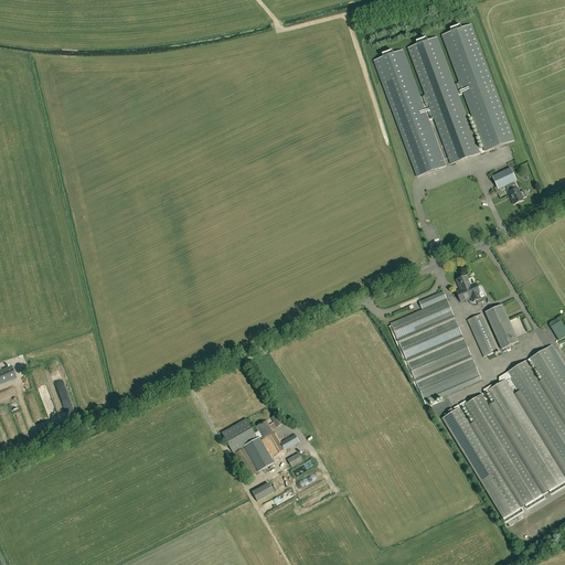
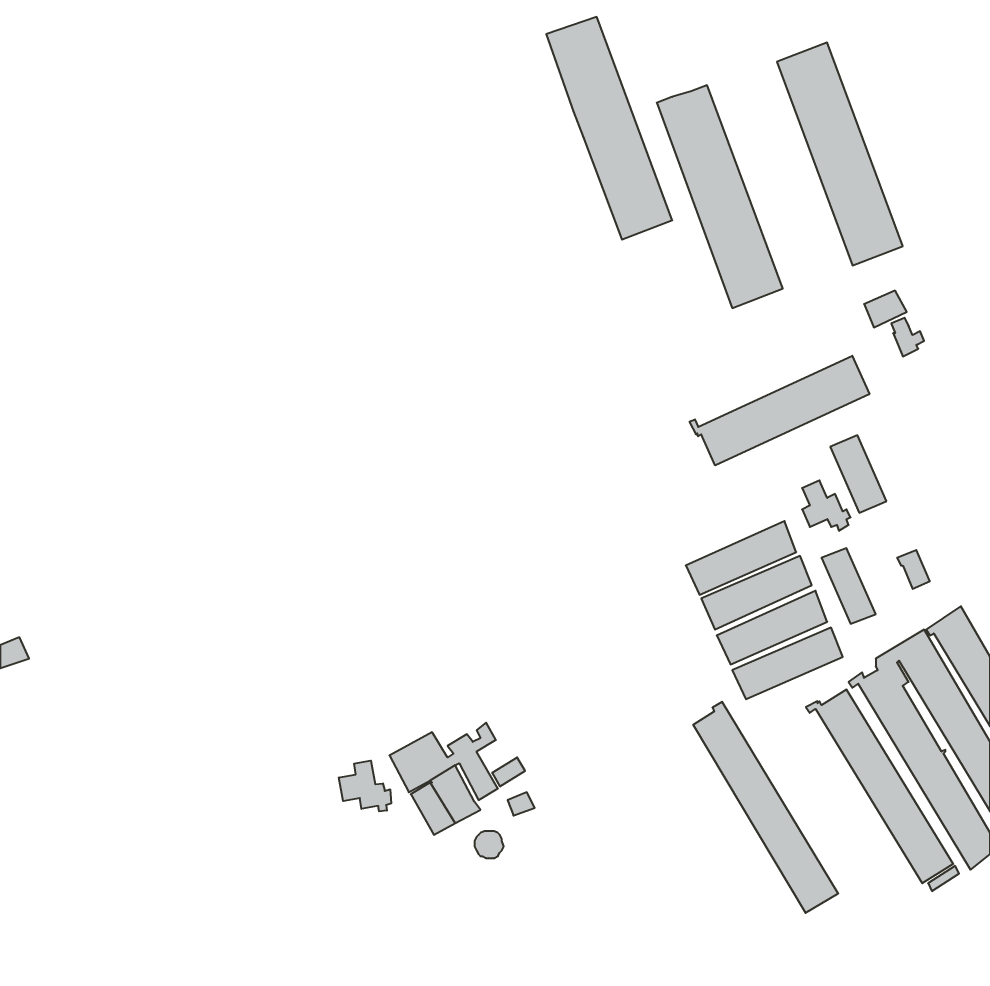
building: [408,38,480,164] -> [546,17,672,240]
building: none -> [690,356,869,465]
building: [487,303,519,348] -> [830,435,886,513]
building: [443,403,525,523] -> [693,702,838,913]
building: none -> [339,761,391,811]

